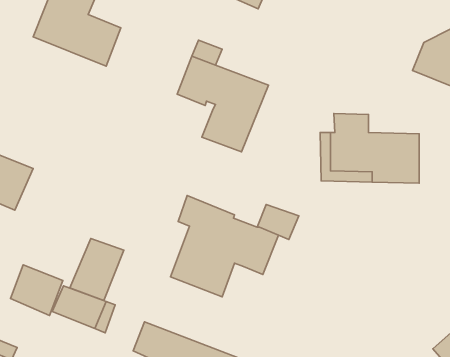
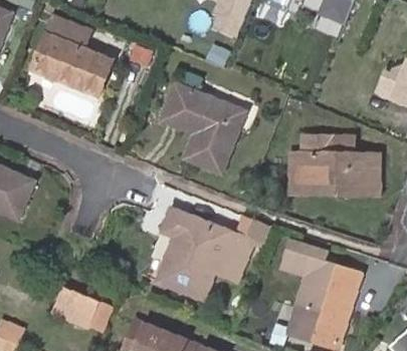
building: none -> [282,238,362,345]
building: [70,238,124,301] -> none
building: [11,265,63,315] -> none

